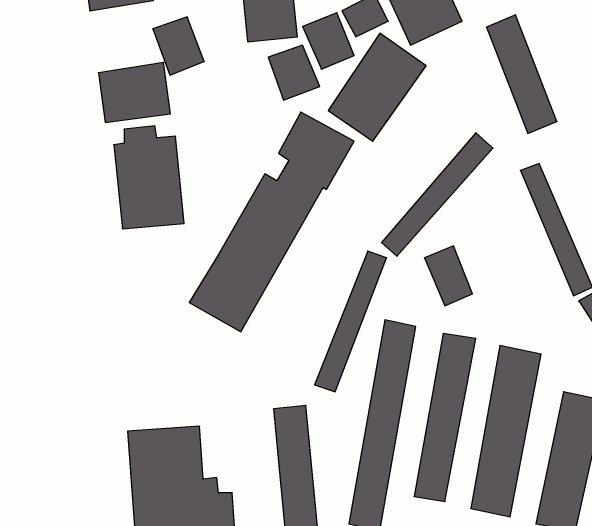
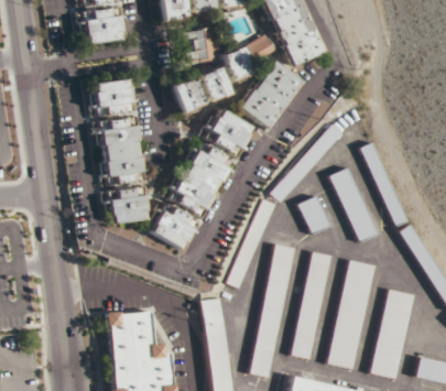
building: [486,15,557,133] -> [330,166,376,242]
building: [153,17,204,75] -> [172,77,205,115]
building: none -> [108,187,148,221]

